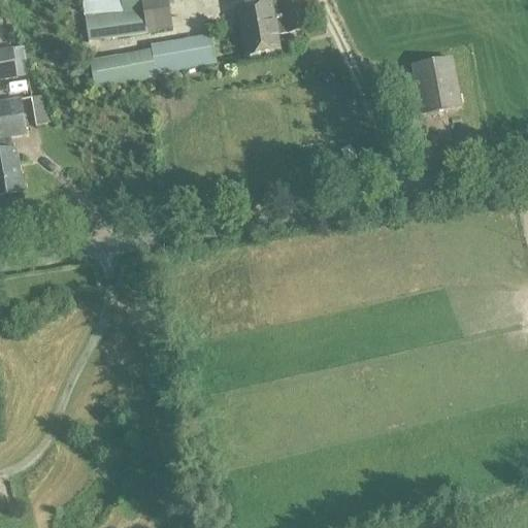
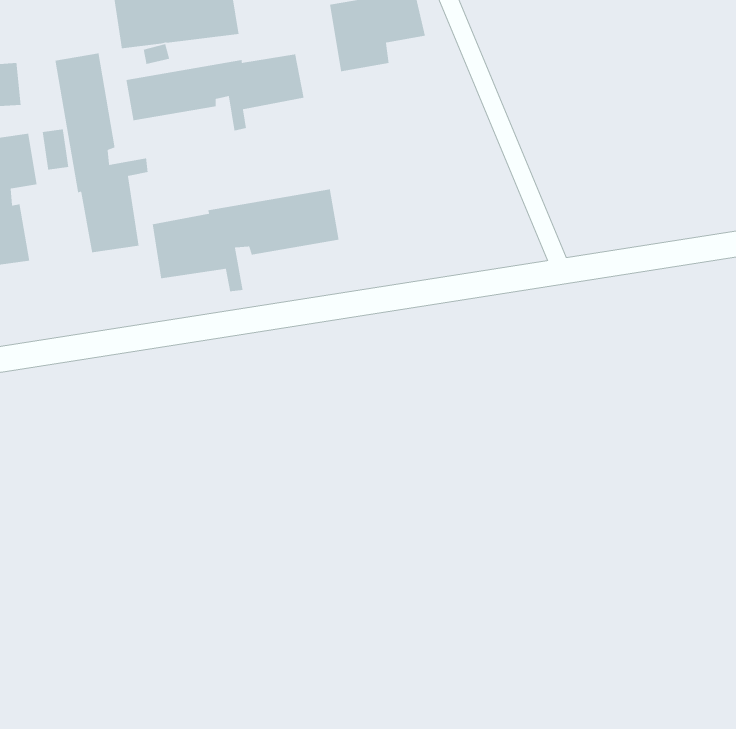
building: none -> [54,52,149,253]
building: [409,53,462,112] -> none
building: none -> [152,189,340,292]

